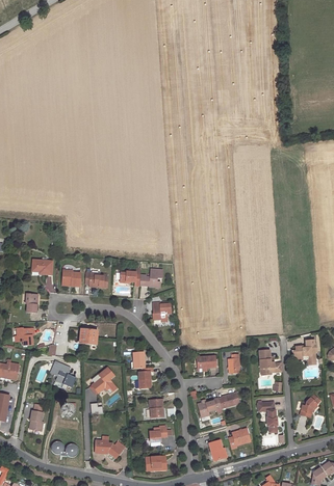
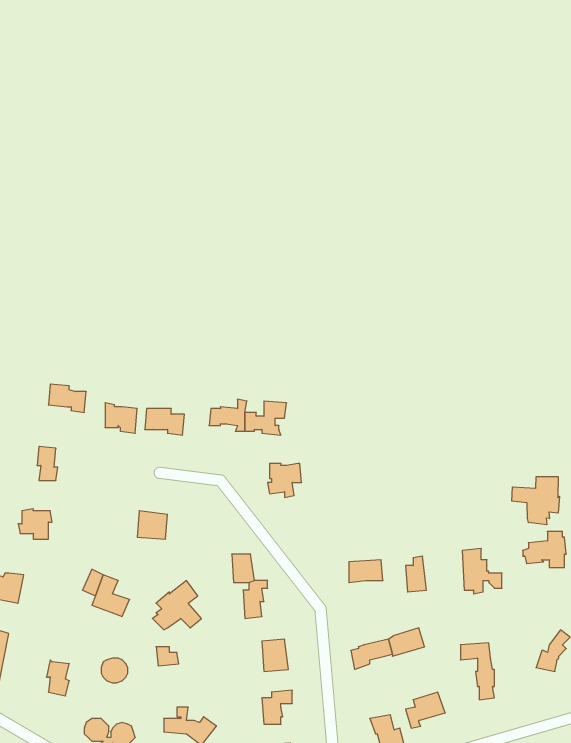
building: none -> [512,477,559,525]

